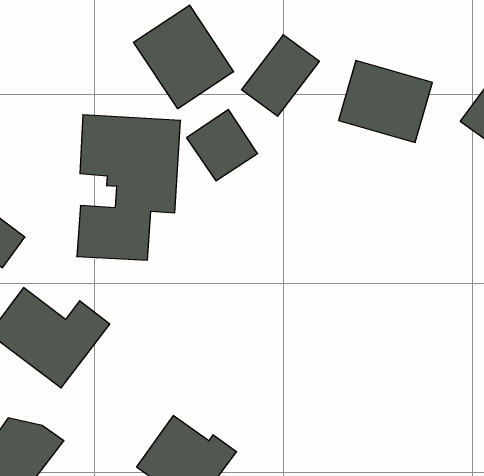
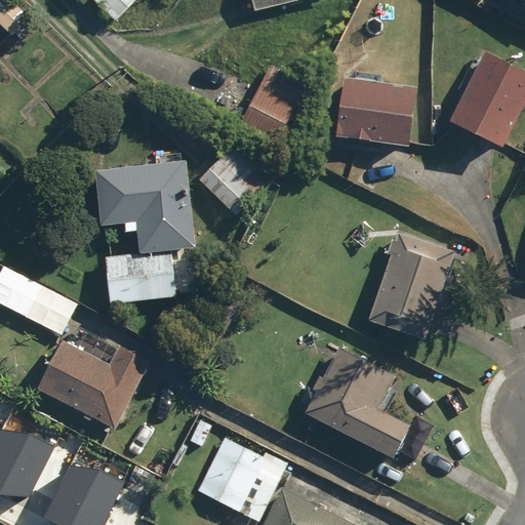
building: [134,5,234,109] -> none
building: none -> [368,234,453,340]
building: none -> [299,346,412,459]

